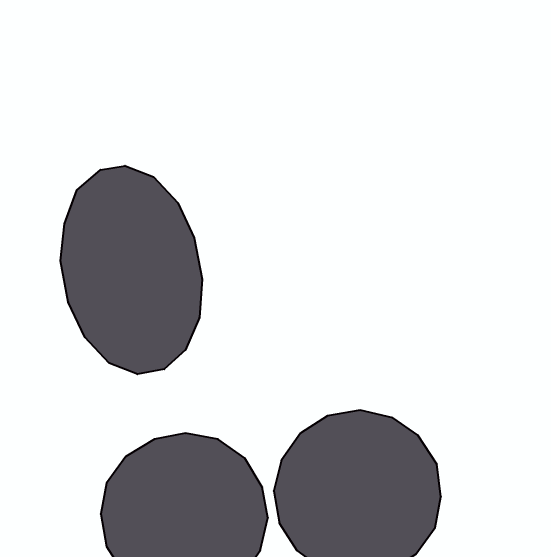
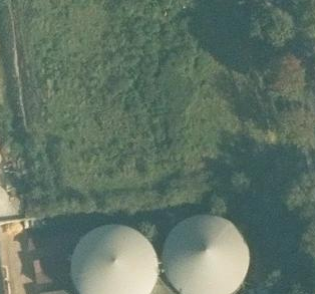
building: [60,166,202,374] -> none

